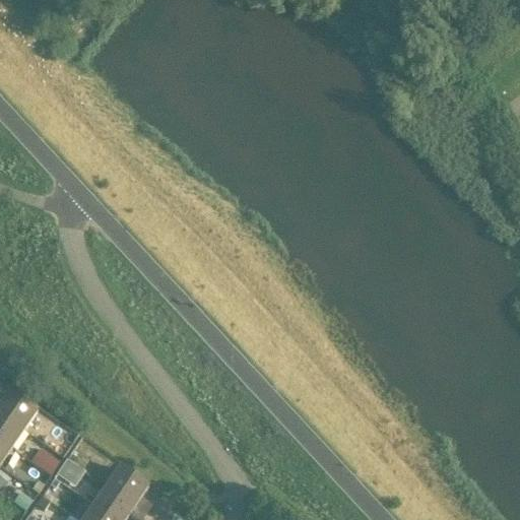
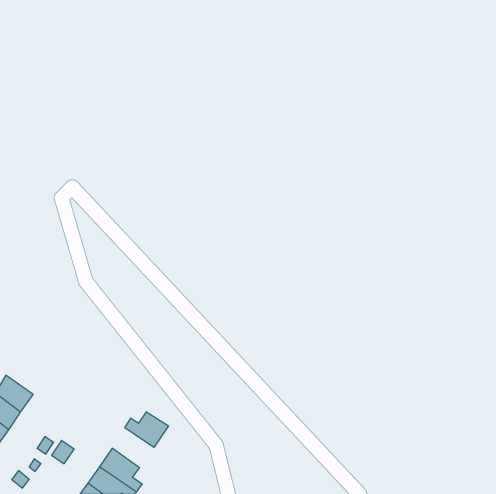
building: none -> [125,412,168,447]

